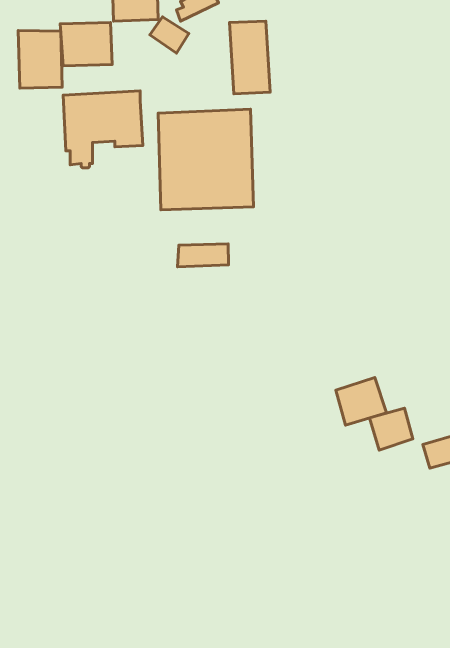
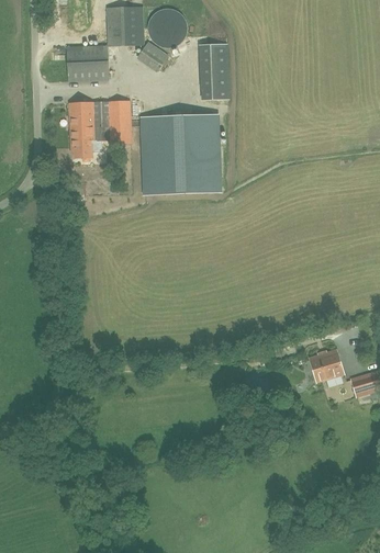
building: [18,31,62,88] -> none
building: [178,244,229,267] -> none
building: [336,377,387,425] -> none

